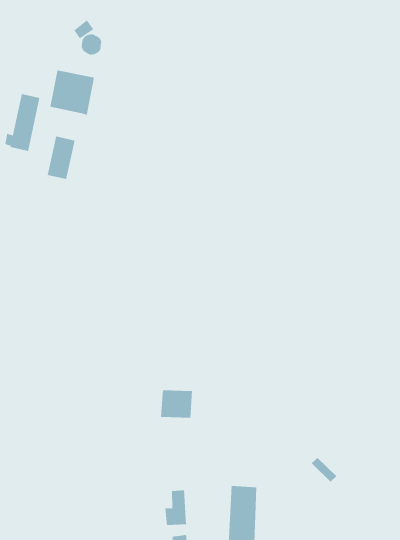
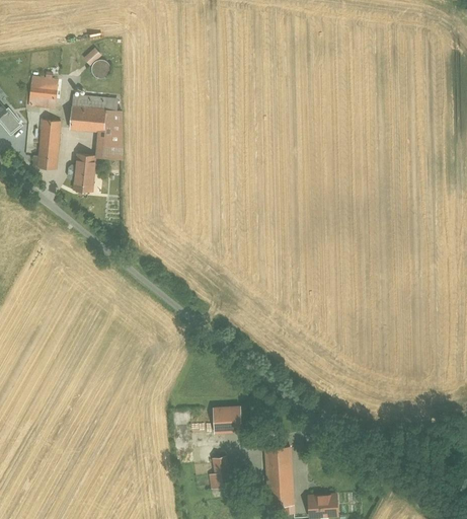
building: none -> [28,77,59,108]
building: none -> [96,110,123,159]
building: [160,390,193,418] -> [214,406,242,433]

